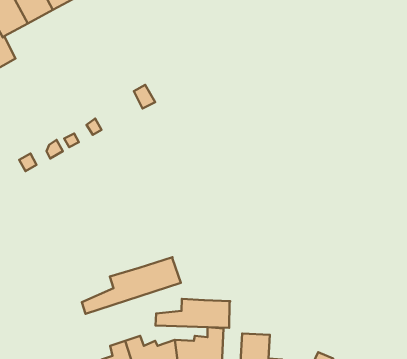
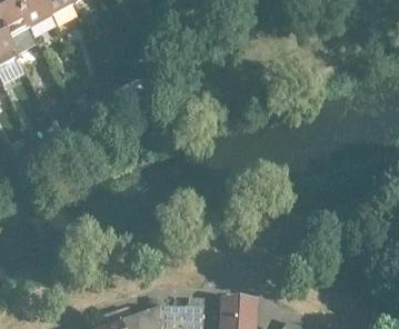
building: [82,257,181,314] -> none
building: [156,299,230,328] -> none

